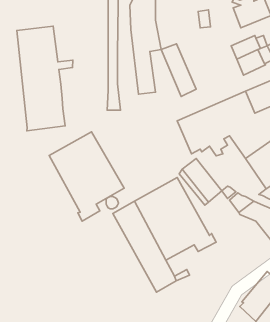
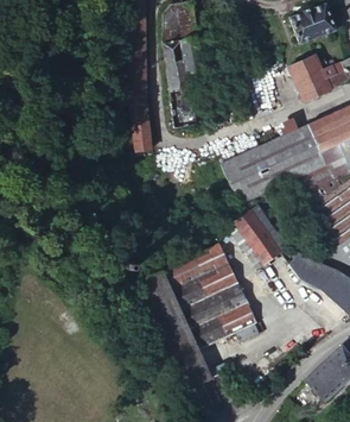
building: [17,26,73,131] -> none
building: [161,44,196,96] -> none
building: [49,132,124,221] -> none

